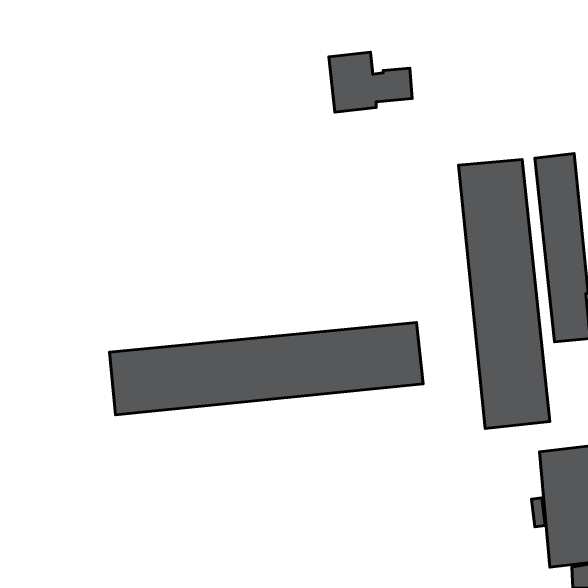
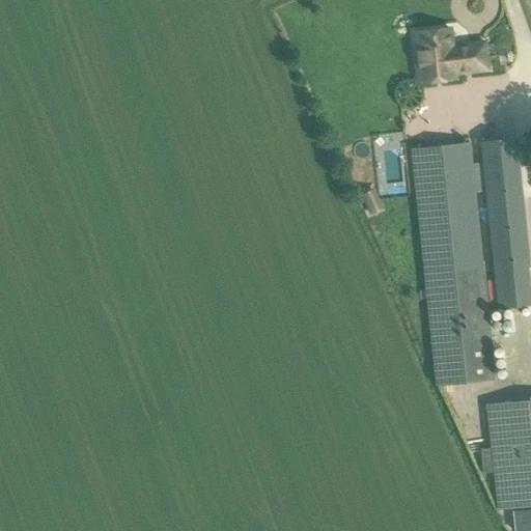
building: [329,52,412,112] -> [415,28,490,82]
building: [110,323,423,415] -> none

